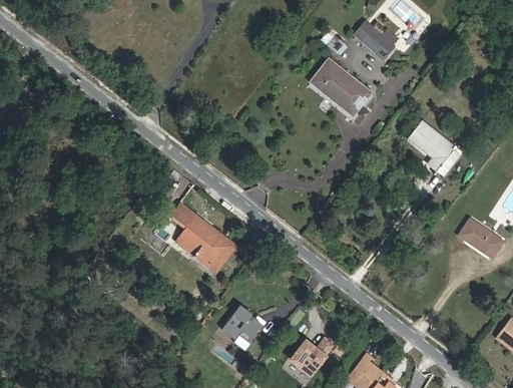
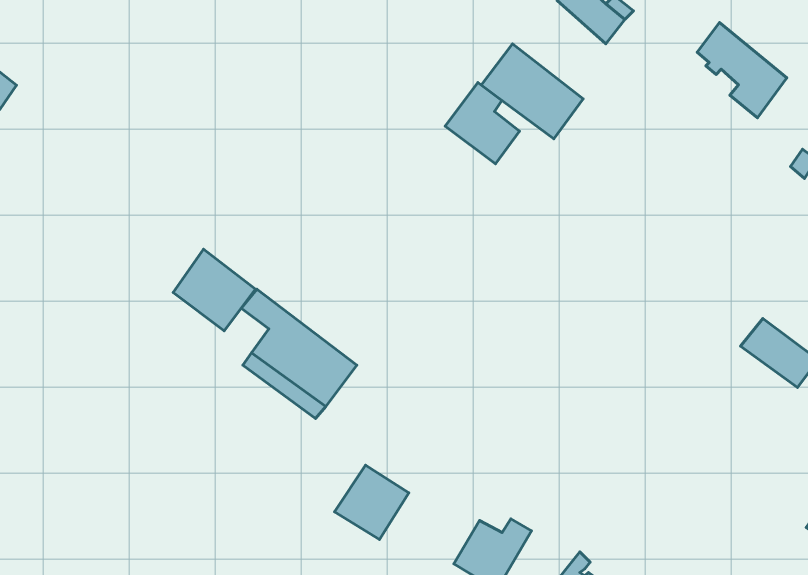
building: none -> [445,83,519,164]
building: [410,120,462,175] -> [697,23,787,118]
building: none -> [173,249,255,331]

